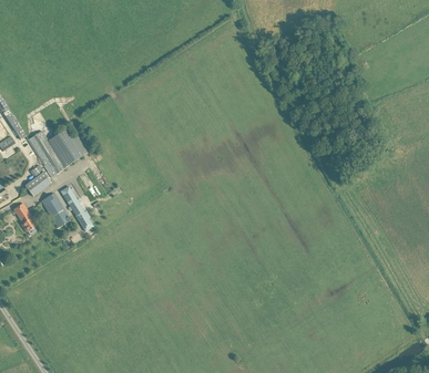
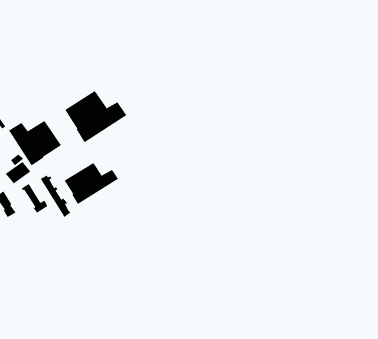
building: none -> [64,90,127,143]
building: none -> [64,162,119,205]

